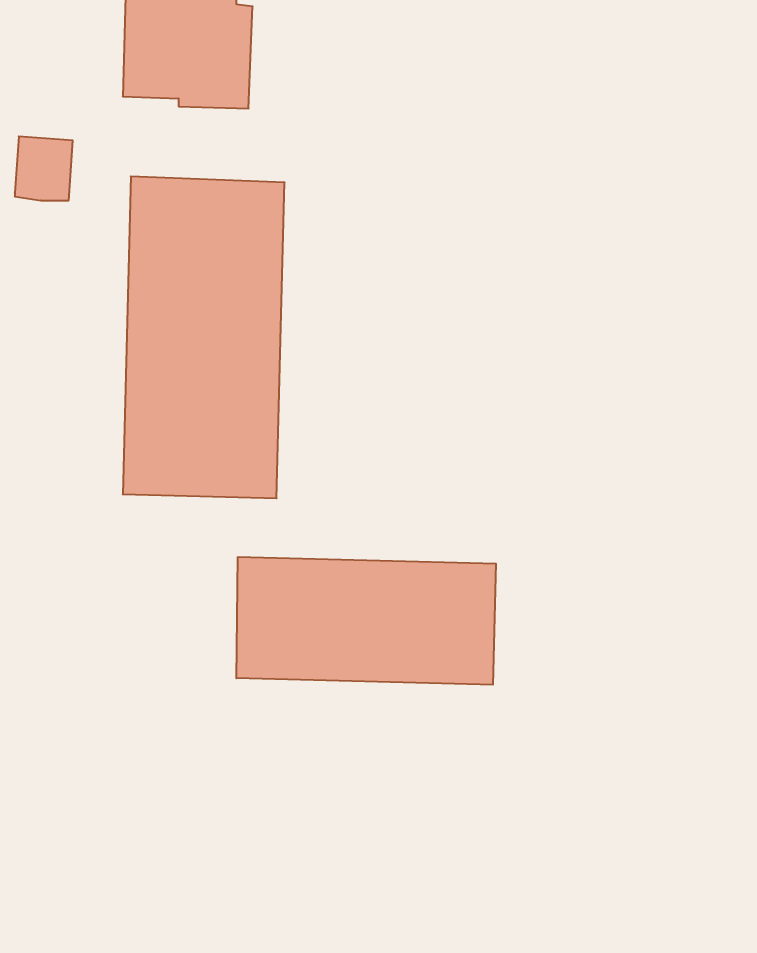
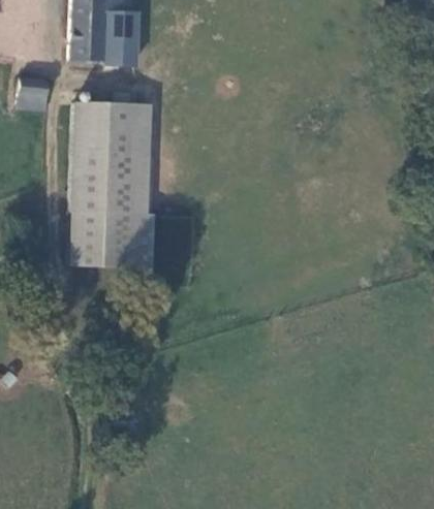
building: [236,557,496,685] -> none

